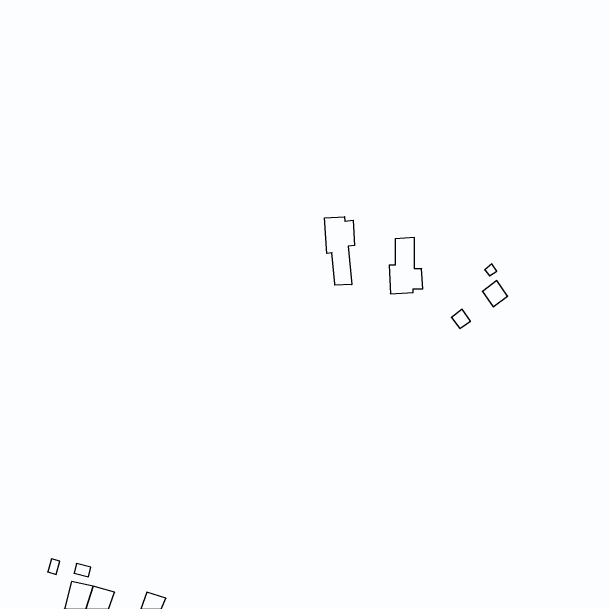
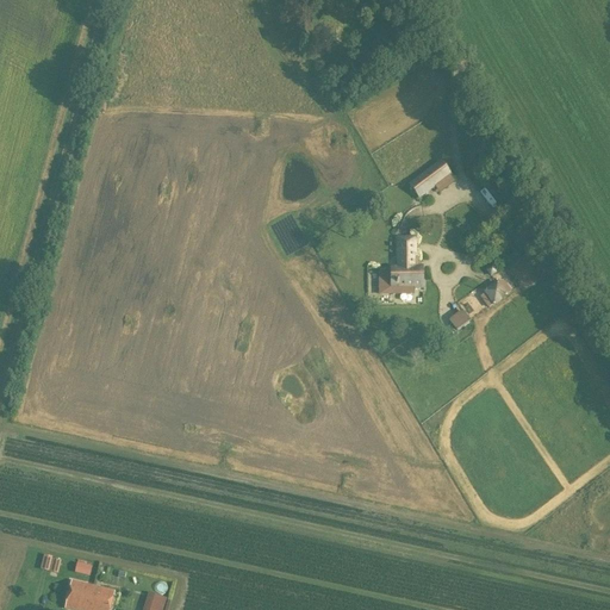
building: none -> [407,162,448,199]
building: [325,217,354,285] -> none

